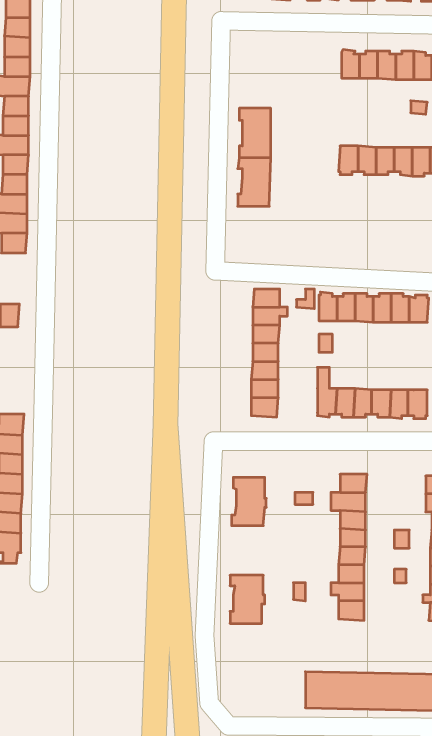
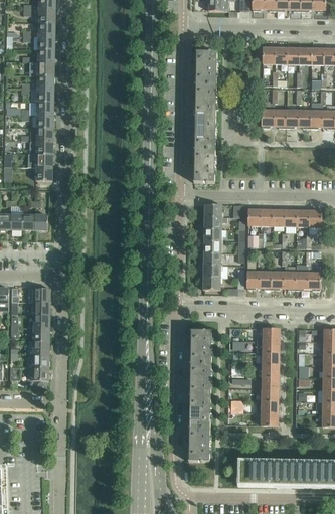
building: none -> [194,51,216,83]
building: none -> [192,149,214,182]
building: none -> [188,362,212,395]
building: none -> [187,427,211,461]

